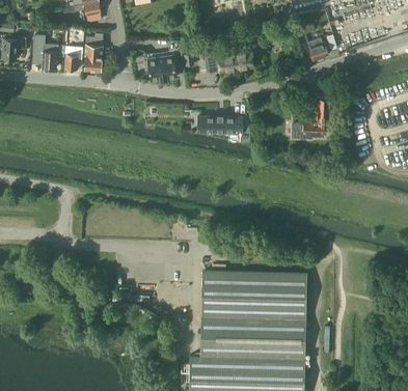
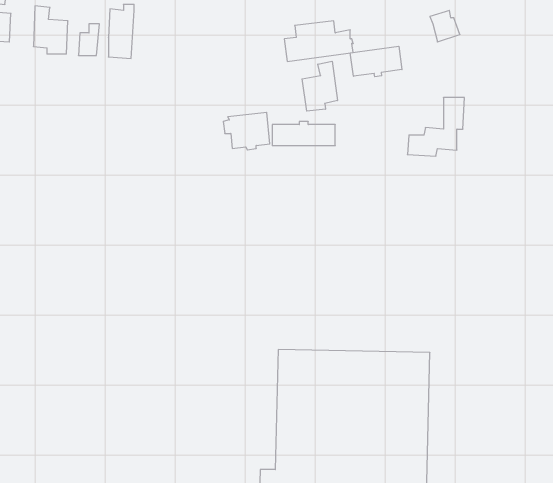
building: [143,55,175,81] -> [223,112,270,150]
building: none -> [350,46,402,77]
building: none -> [302,61,337,111]

